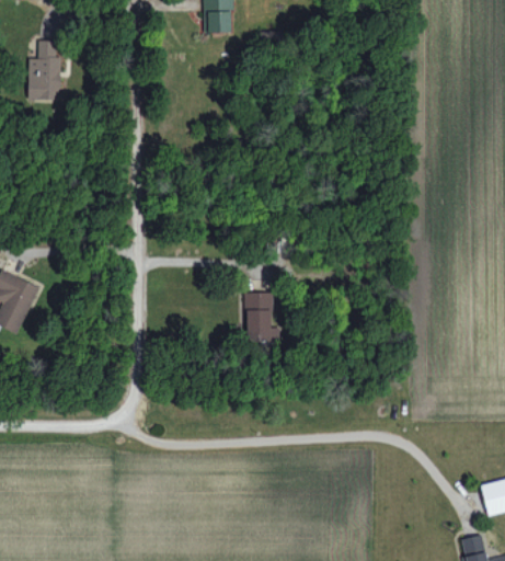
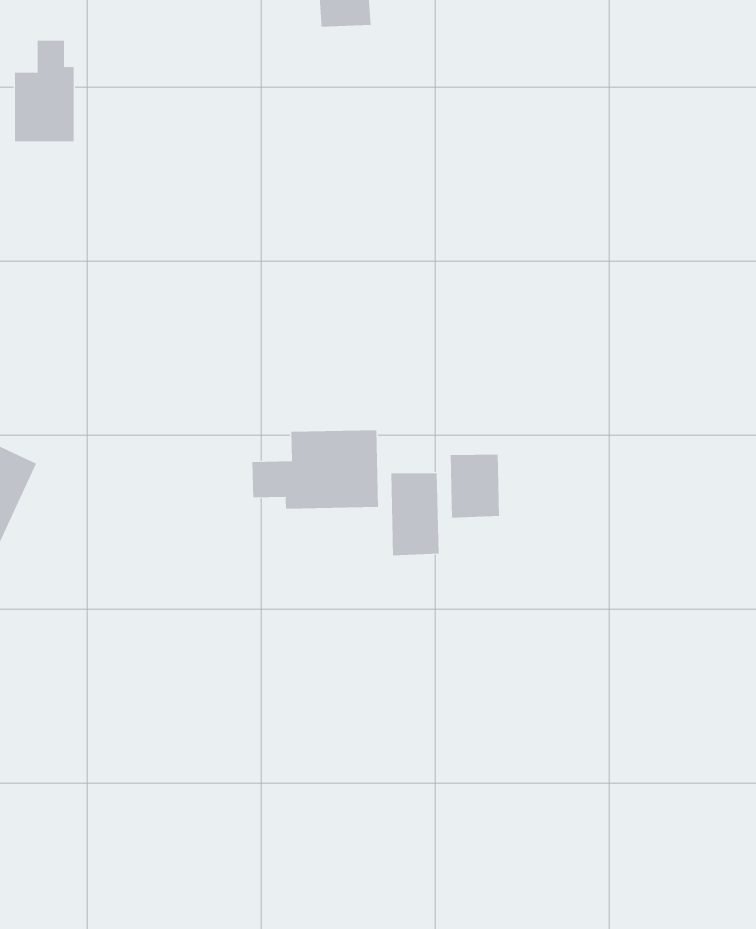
building: none -> [252,429,379,510]
building: none -> [450,454,500,518]

